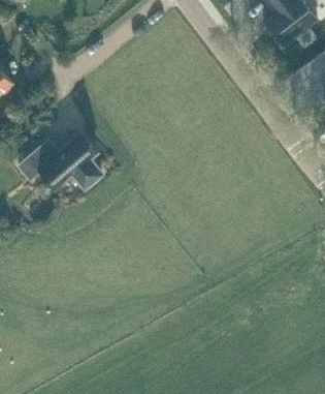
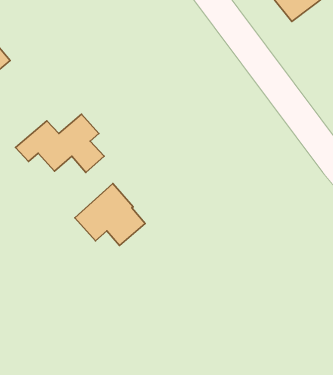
building: none -> [75,184,145,246]

